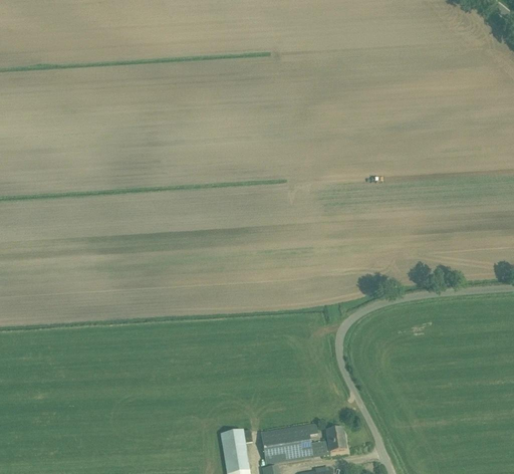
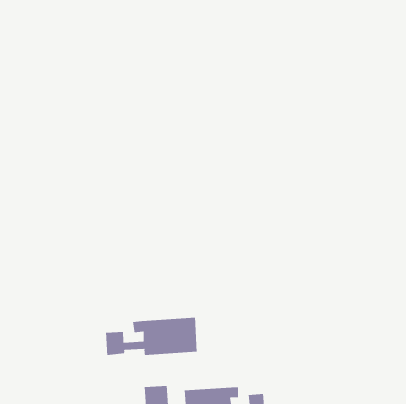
building: none -> [105,317,197,356]

